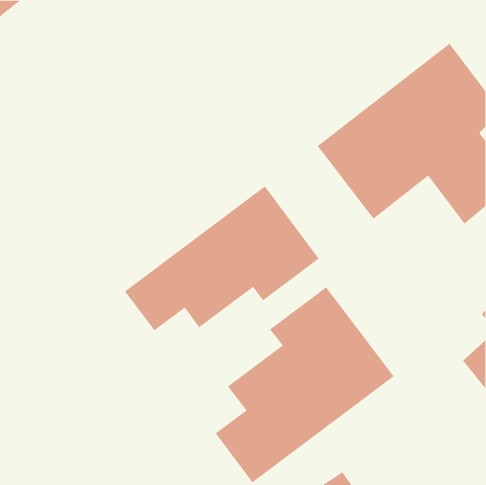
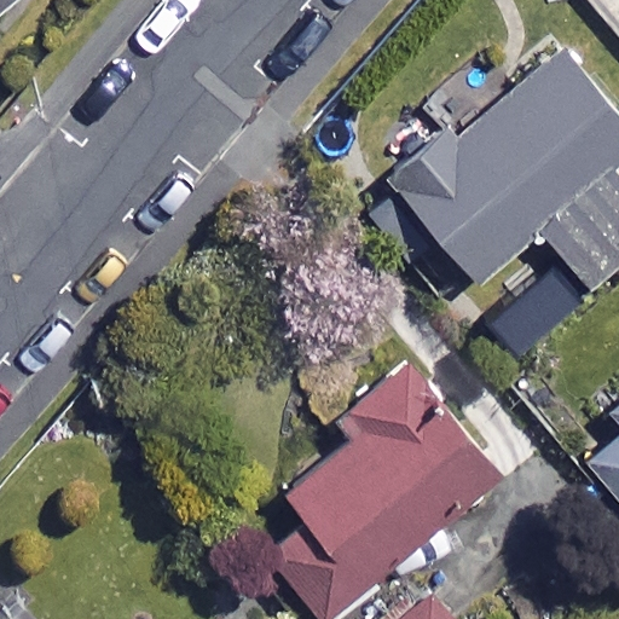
building: [124,185,319,331] -> none

